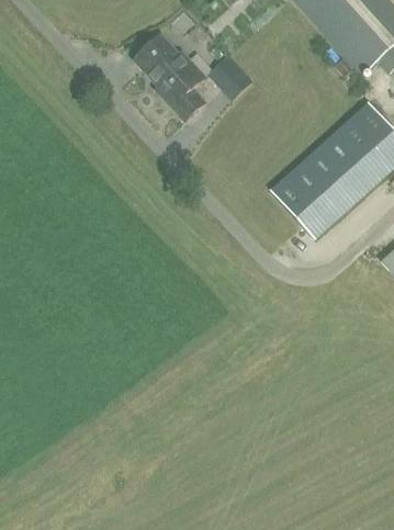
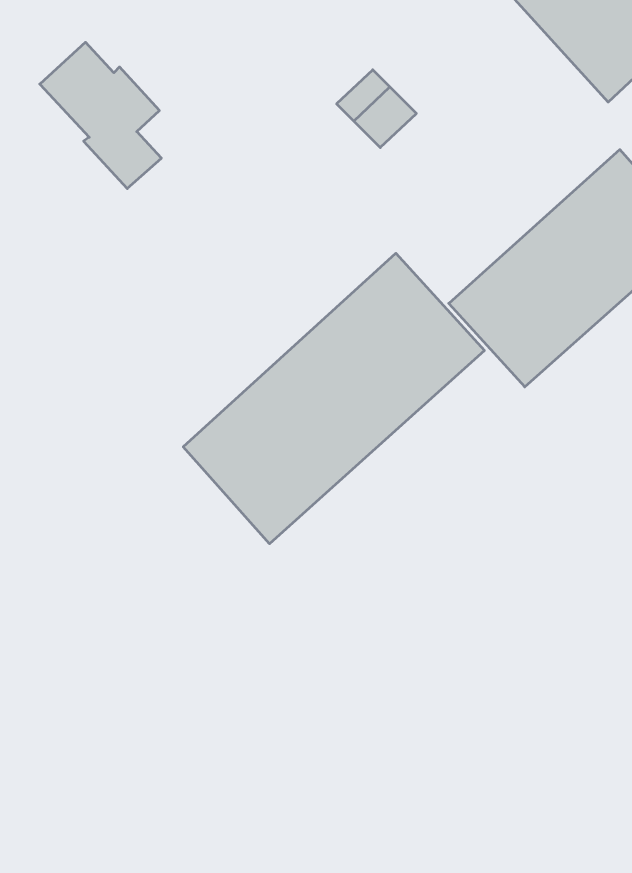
building: [135,36,205,121] -> [40,42,161,189]
building: none -> [183,253,484,544]

